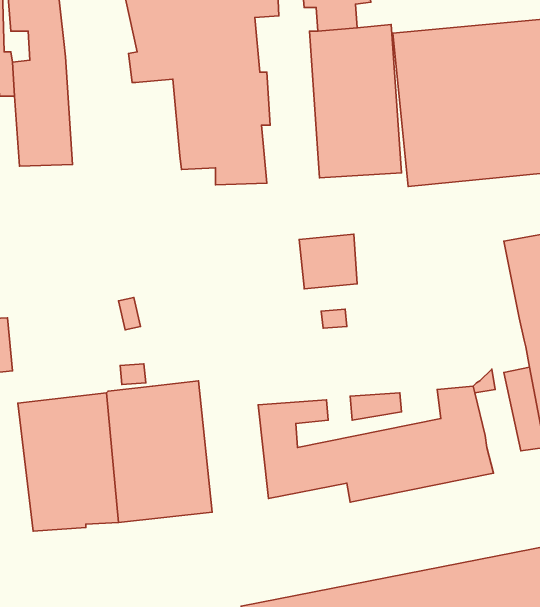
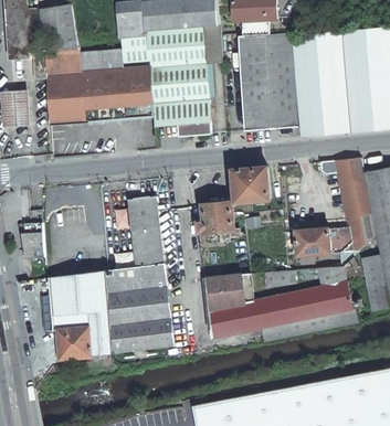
building: none -> [201,26,219,63]
building: none -> [78,51,152,123]
building: none -> [295,158,376,256]
building: none -> [126,195,165,266]
building: none -> [194,202,235,239]

